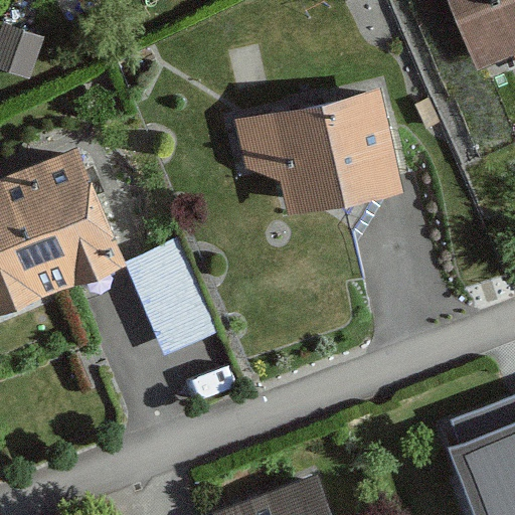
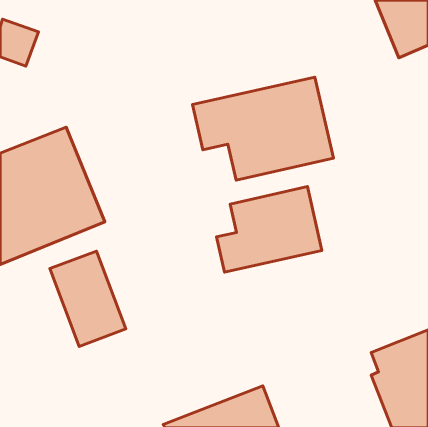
building: none -> [216,187,322,272]
building: [127,226,218,341] -> [50,251,126,347]

